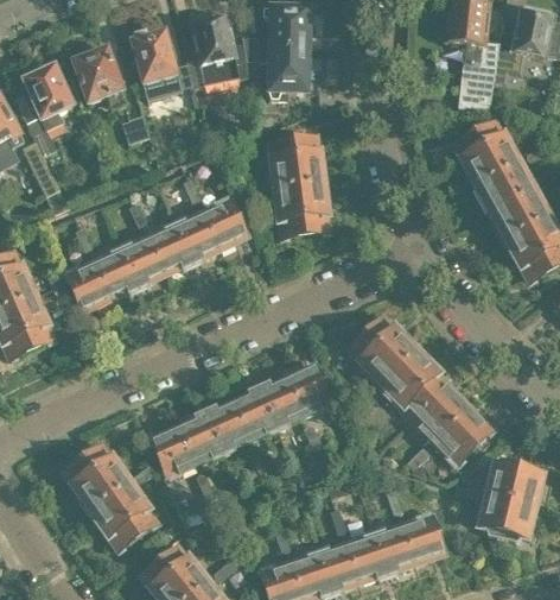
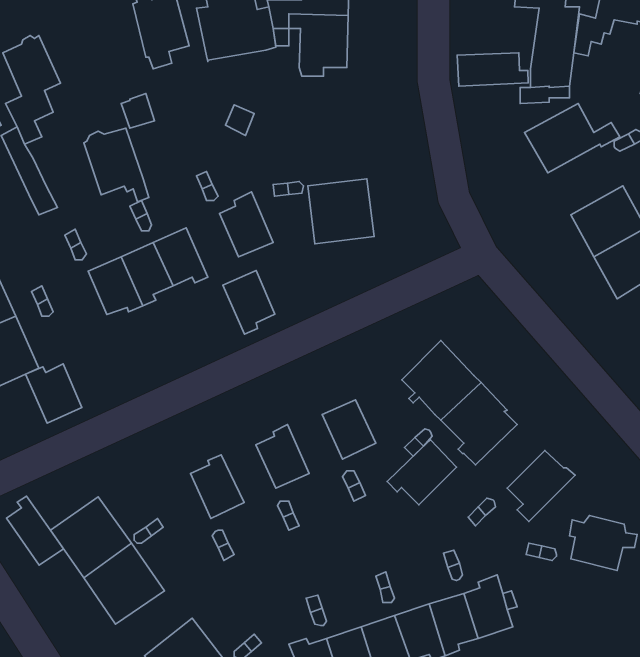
building: [72,48,126,108] -> [84,128,149,202]
building: none -> [457,53,528,86]
building: [268,135,323,189] -> none
building: [471,154,533,213] -> none
building: [174,211,217,264] -> [223,271,275,334]
building: [63,259,109,308] -> [25,364,82,423]
building: [257,377,303,425] -> none
building: [412,384,469,437] -> [387,440,456,505]
building: [203,402,248,449] -> none
building: [151,425,195,474] -> none
building: none -> [6,496,64,565]
building: [477,495,533,541] -> none

